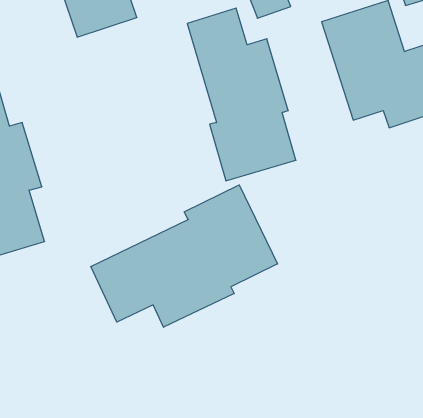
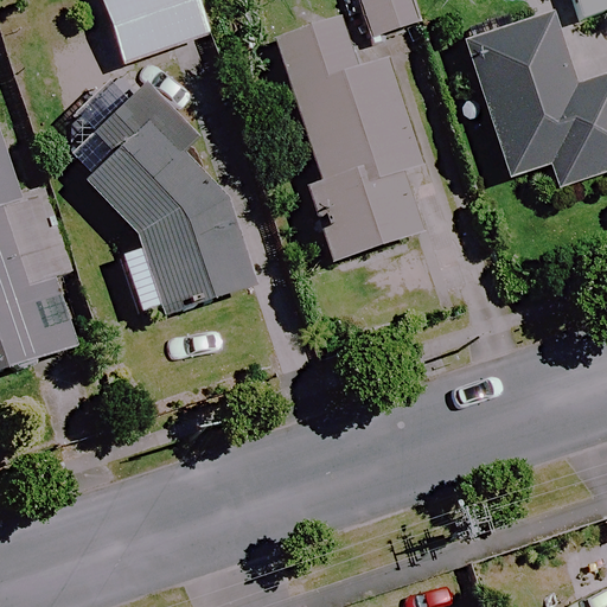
building: none -> [69,75,260,315]
building: [91,185,278,327] -> none

